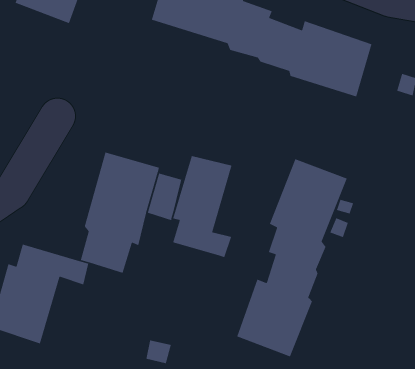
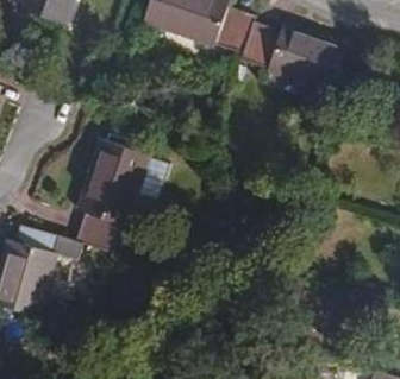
building: [172,155,233,258] -> none
building: [236,158,348,357] -> none

